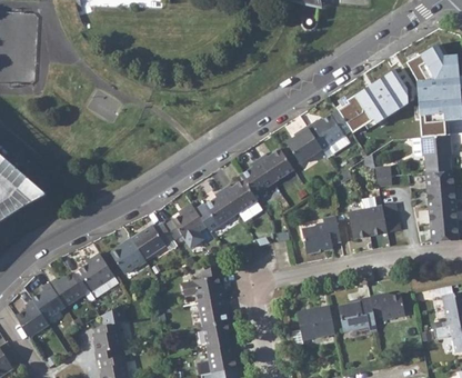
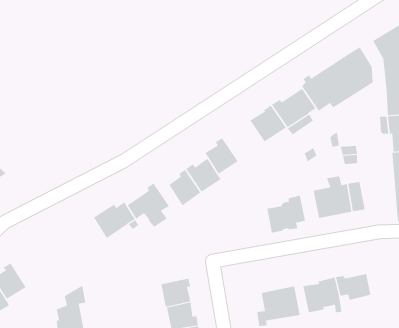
building: [259,148,294,181] -> none
building: [111,237,145,272] -> none
building: [79,252,114,289] -> none
building: [182,261,225,302] -> none
building: [50,271,84,306] -> none

